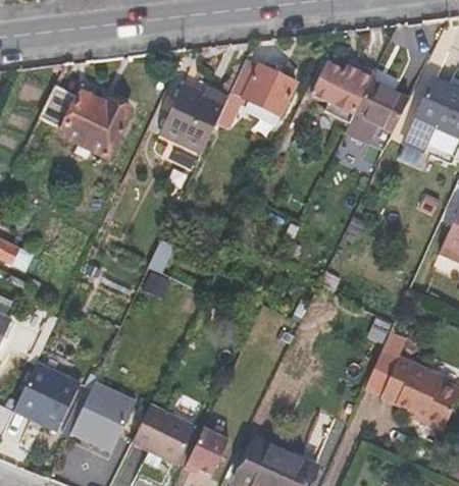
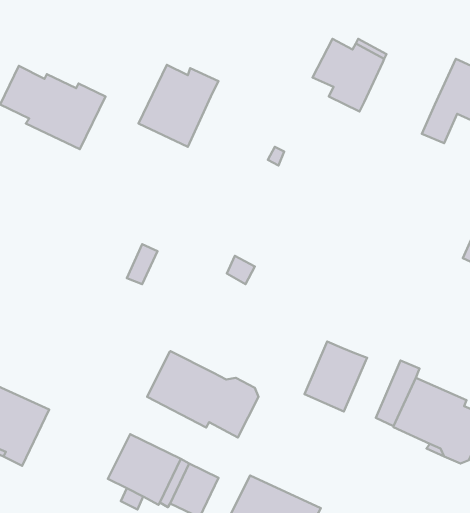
building: [223,58,297,126] -> none
building: [346,80,410,145] -> none
building: none -> [305,341,367,411]
building: none -> [147,351,258,437]
building: [72,381,137,450] -> none

